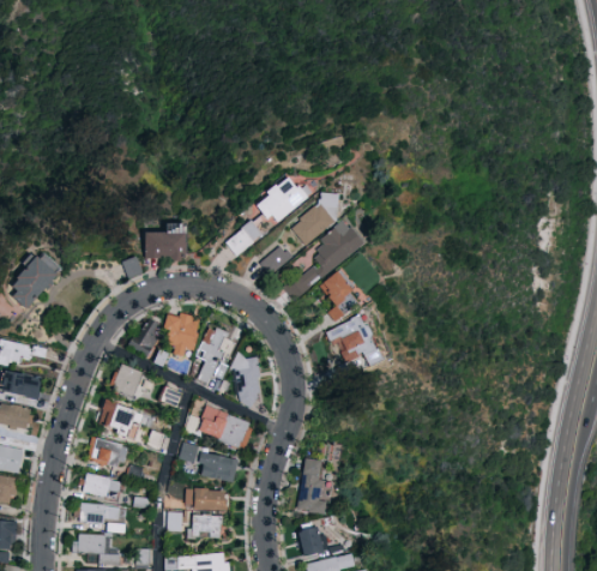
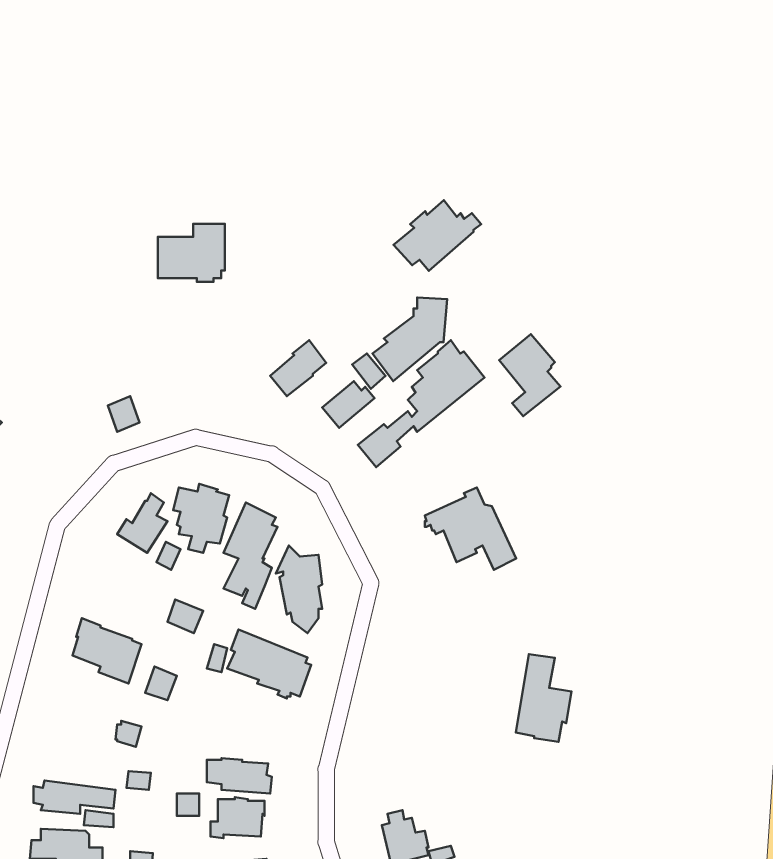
building: [257,176,313,222] -> [394,200,481,271]
building: [145,223,188,260] -> [158,224,225,282]
building: [320,269,360,321] -> [499,334,561,416]
building: [110,363,144,397] -> none
building: [88,437,128,468] -> none
building: [180,441,239,482] -> none
building: [297,458,333,515] -> [516,654,572,742]
building: [79,474,121,498] -> none

